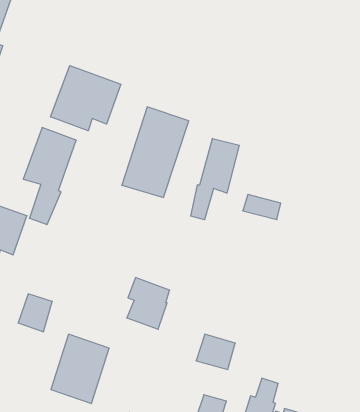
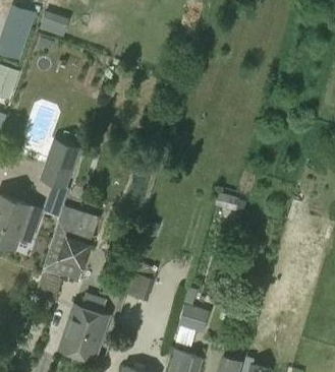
building: [51,66,121,131] -> none
building: [122,107,189,198] -> [44,205,98,278]
building: [191,138,239,220] -> none

